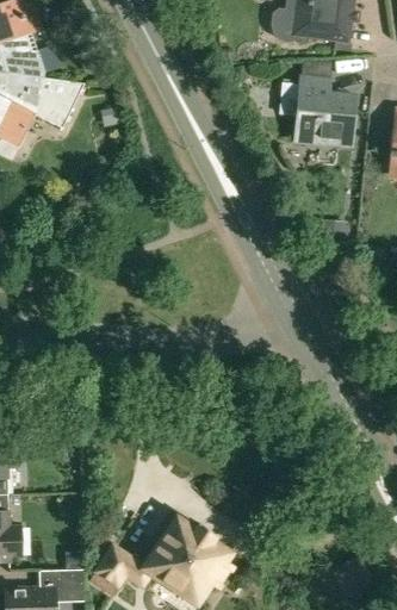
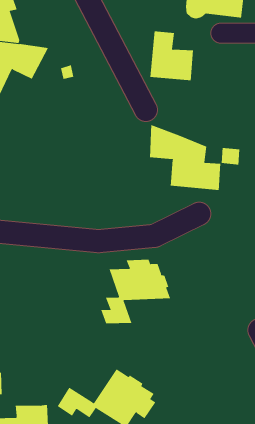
building: [296,77,356,145] -> [149,31,194,81]
building: none -> [149,124,221,191]
building: none -> [100,259,171,324]

